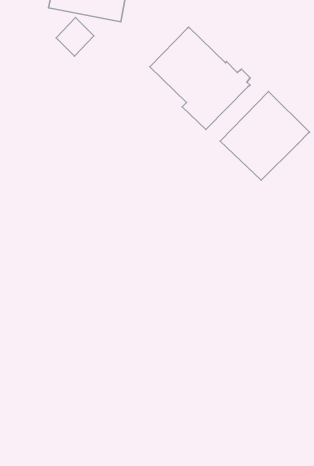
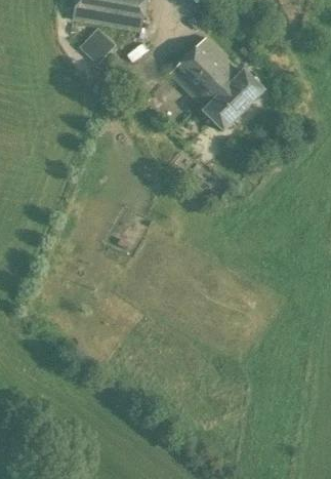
building: [220,91,310,180] -> none

